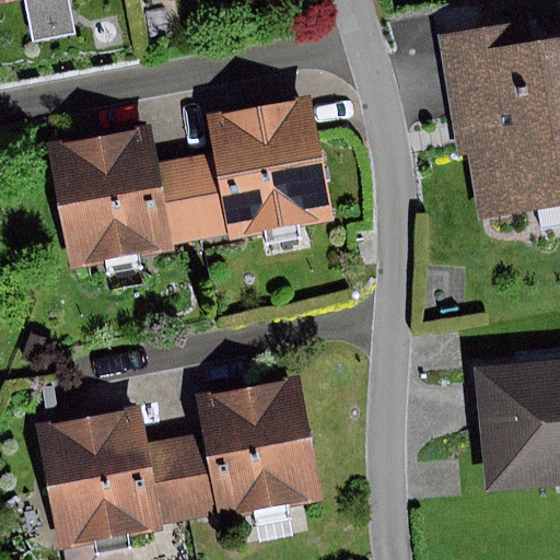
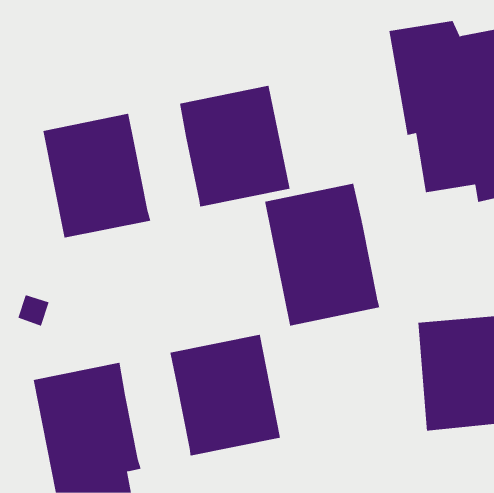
building: [154,154,225,237] -> none
building: none -> [264,183,380,326]
building: [143,434,214,518] -> none

